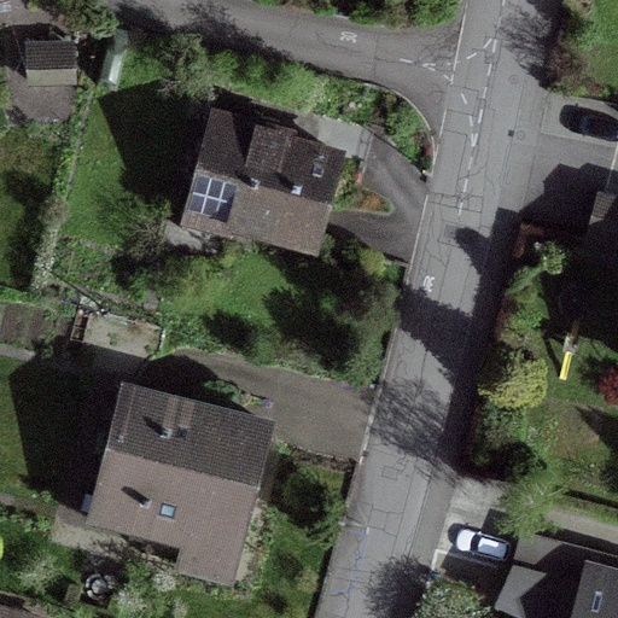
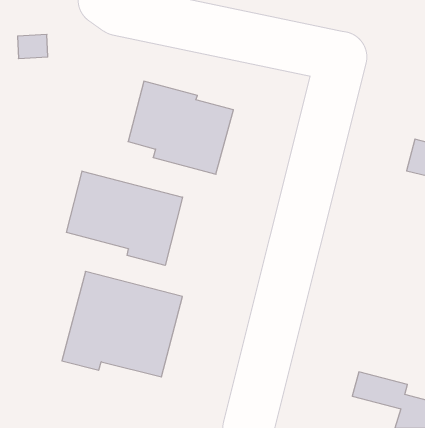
building: none -> [66,171,183,265]

